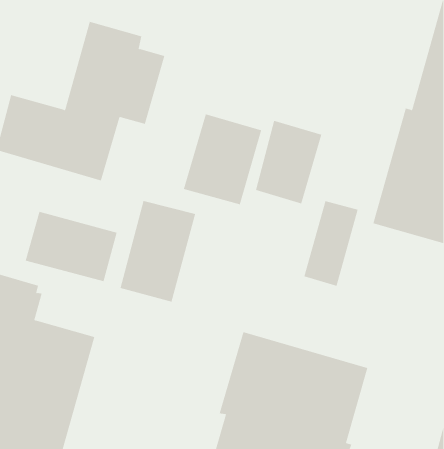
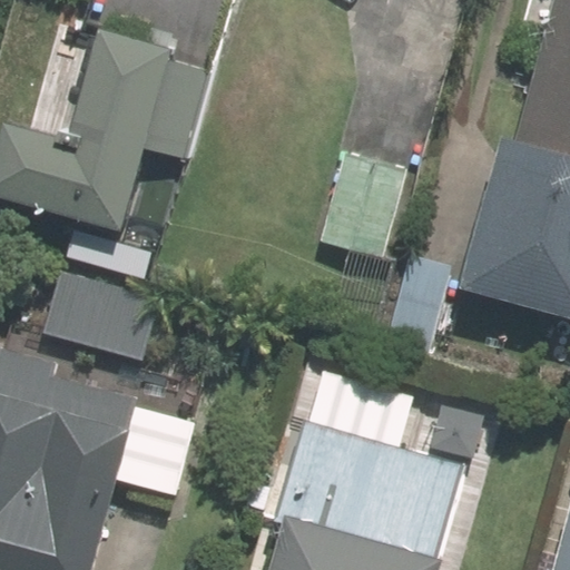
building: [183,114,262,205] -> none
building: [120,200,196,303] -> none

